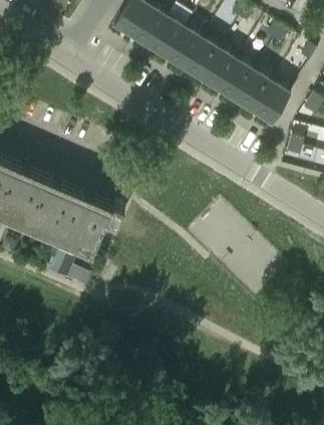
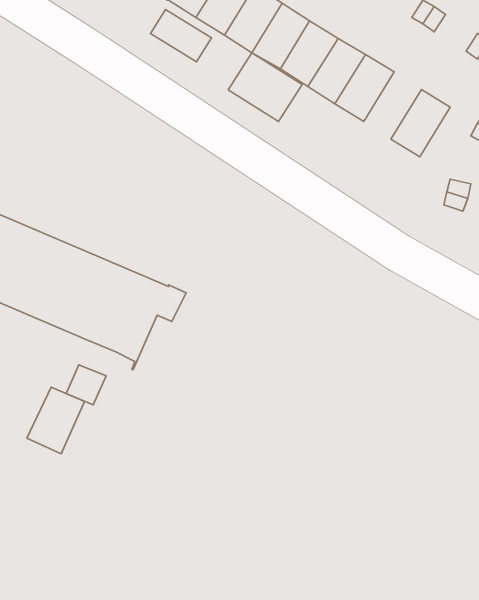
building: none -> [150,10,212,62]
building: none -> [228,53,302,122]
building: [237,72,273,115] -> none
building: none -> [27,387,85,454]

